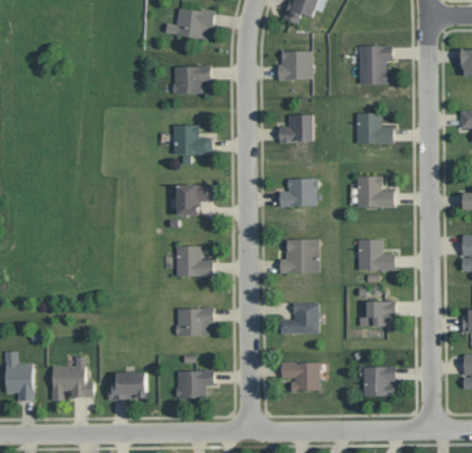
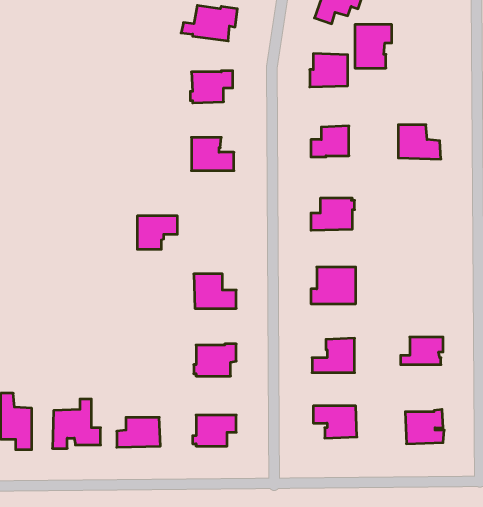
building: [359,46,392,84] -> [355,25,392,68]
building: [357,177,394,207] -> none
building: [177,186,212,215] -> [137,216,177,249]
building: [357,240,395,271] -> none

